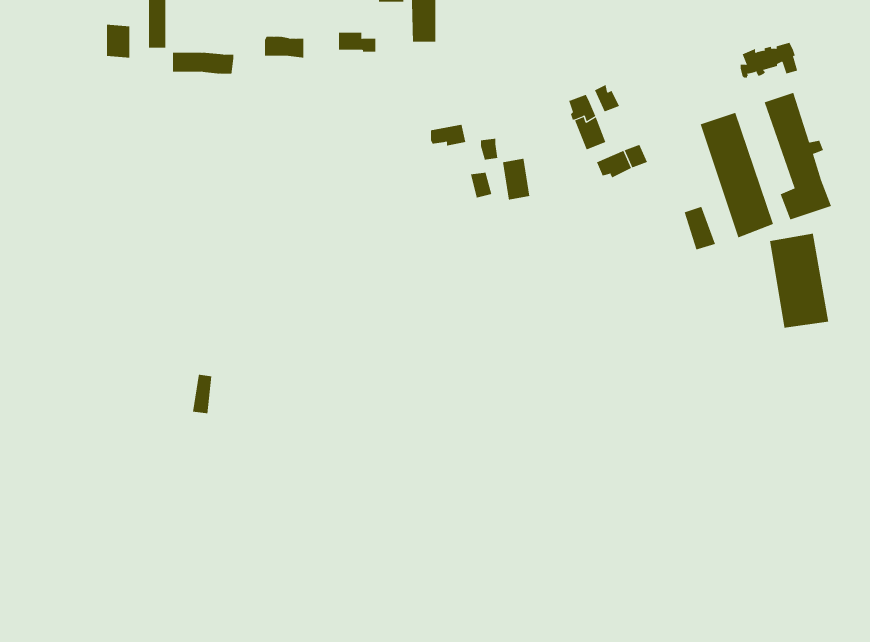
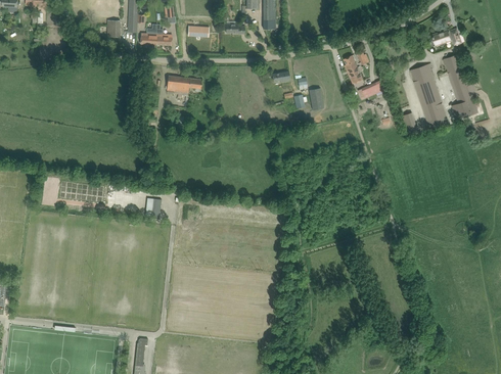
building: none -> [166,76,201,93]
building: [770,233,829,329] -> none

